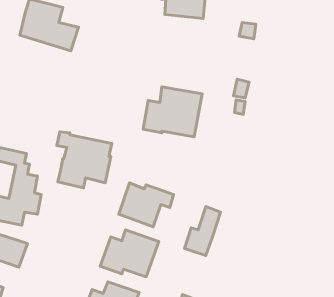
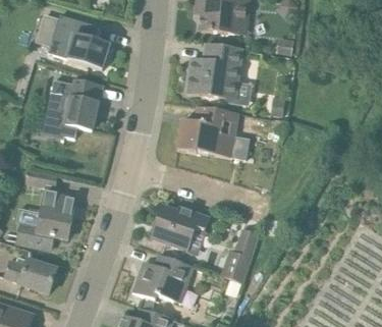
building: none -> [186,44,241,98]
building: [57,132,112,188] -> [41,77,98,135]

